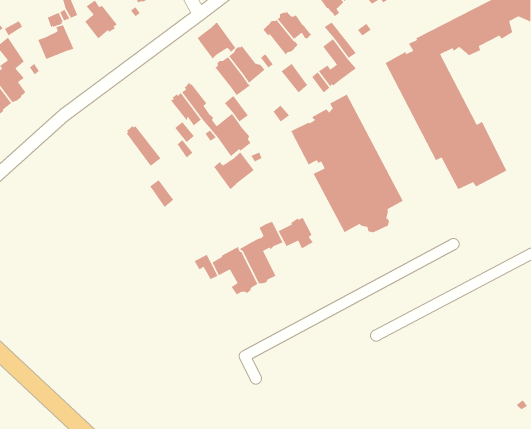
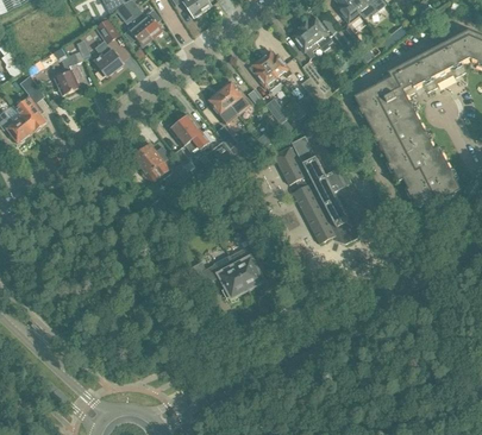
building: [196,21,236,59] -> none
building: none -> [139,143,170,178]
building: [213,151,255,190] -> none
building: [277,217,314,249] -> none

